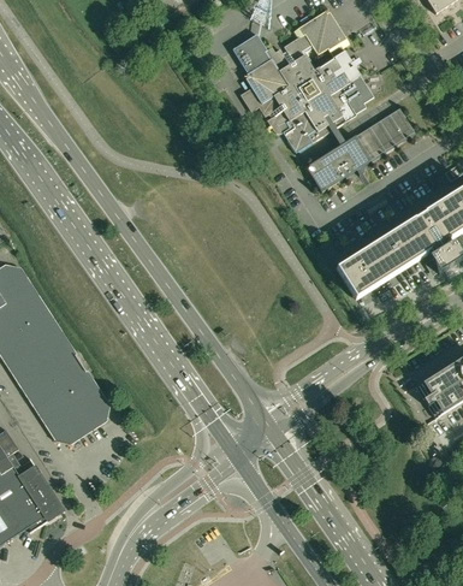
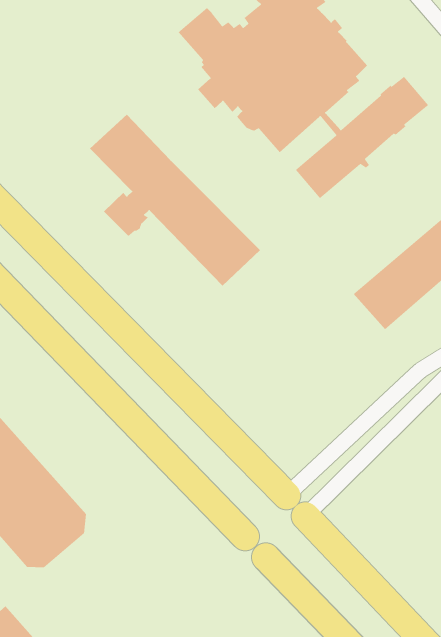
building: none -> [89,114,261,286]

